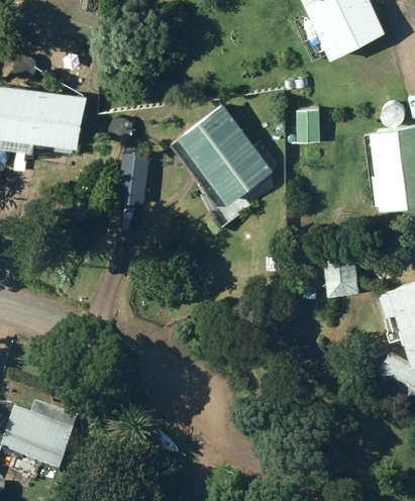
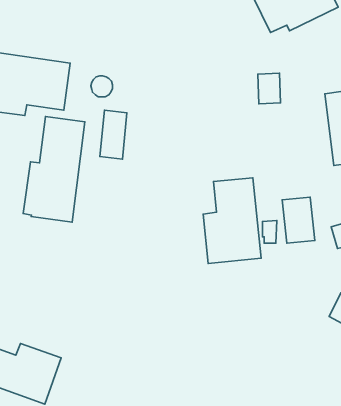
building: [181,106,274,204] -> none
building: none -> [23,117,85,222]
building: none -> [203,178,261,263]

